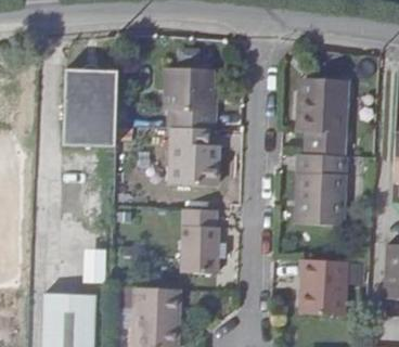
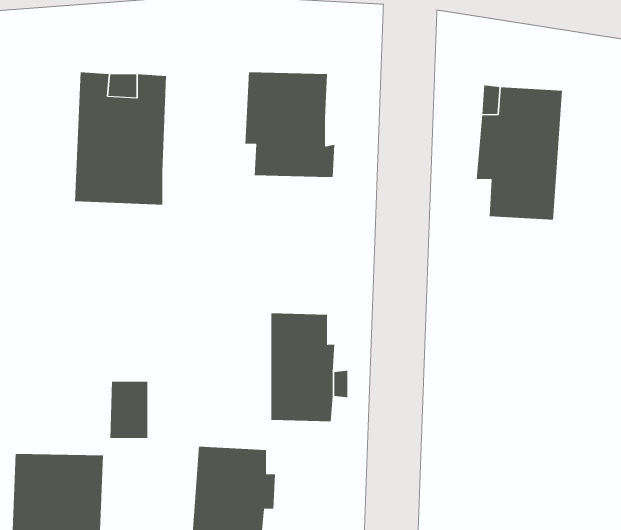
building: [172,129,222,188] -> none
building: [303,153,353,226] -> none
building: [298,261,348,319] -> none

